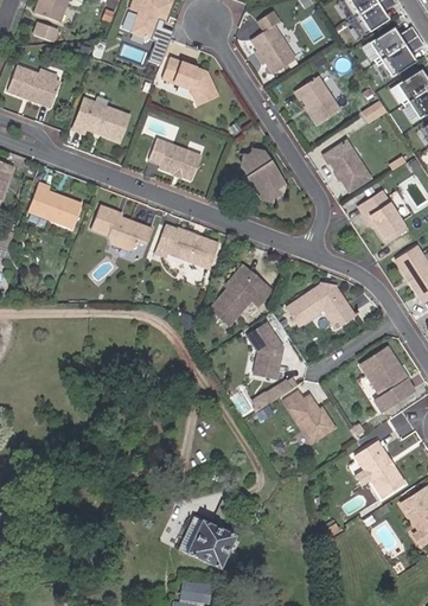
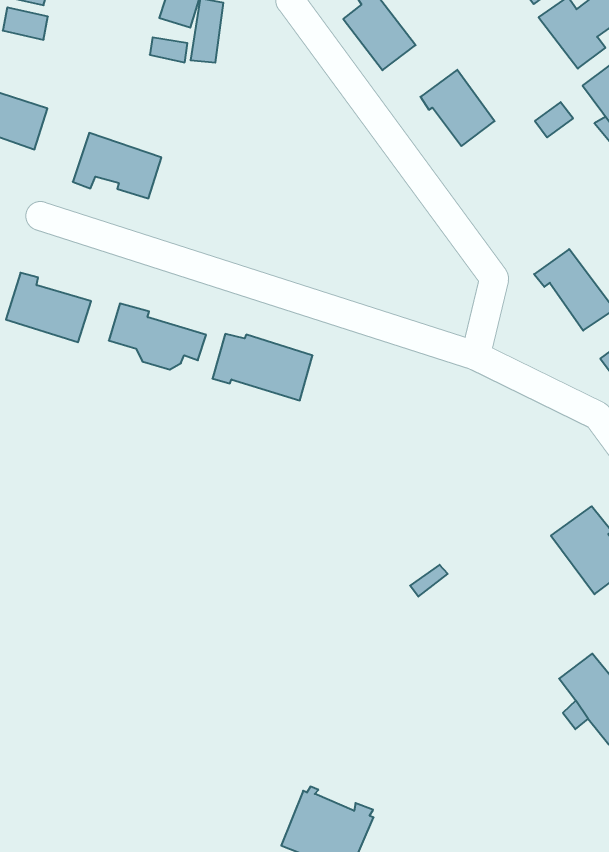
building: [164,57,219,104] -> none
building: [321,138,366,190] -> none
building: [149,140,203,181] -> none
building: [242,152,281,199] -> none
building: [209,272,269,323] -> none
building: [286,283,353,325] -> none
building: [248,321,282,376] -> none
building: [285,389,337,444] -> none

